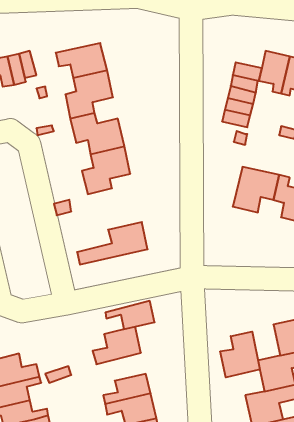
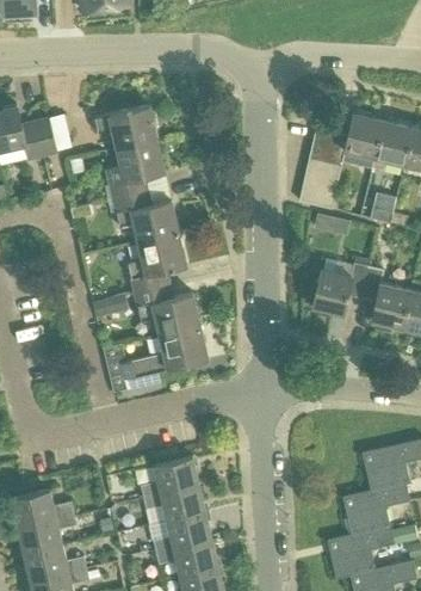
building: none -> [134,285,200,337]
building: [105,301,155,329] -> [144,488,205,523]
building: [220,332,260,377] -> none

